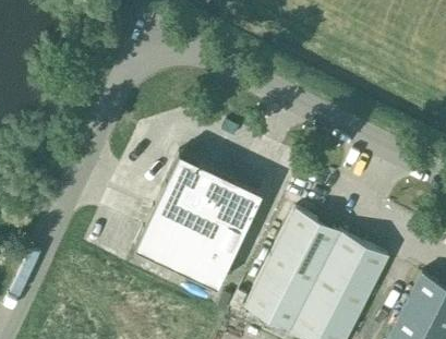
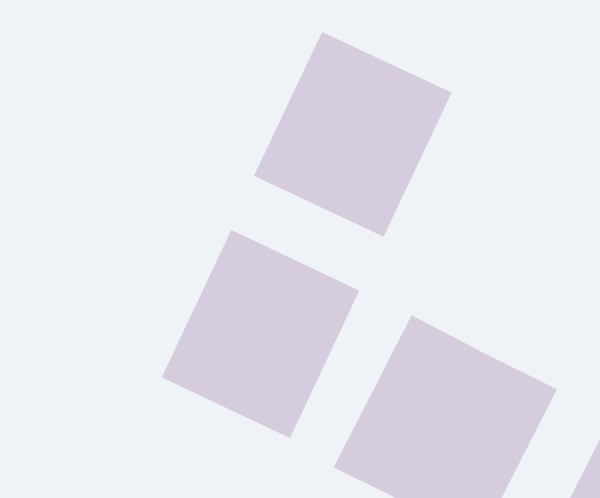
building: none -> [253,31,452,238]

